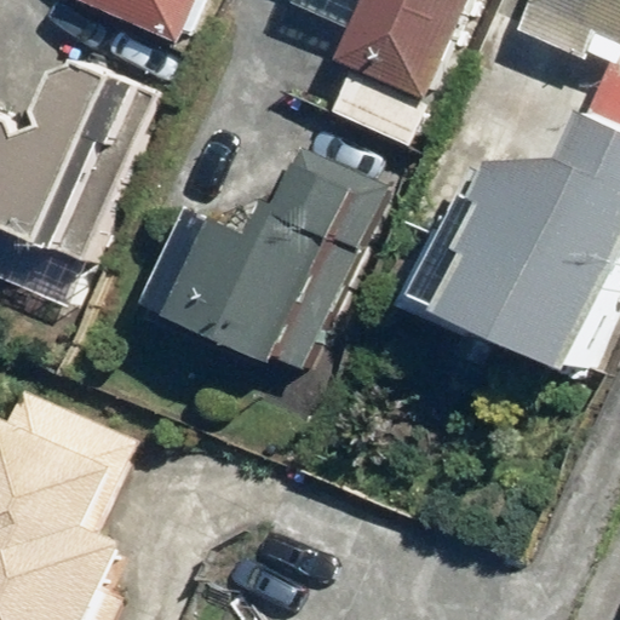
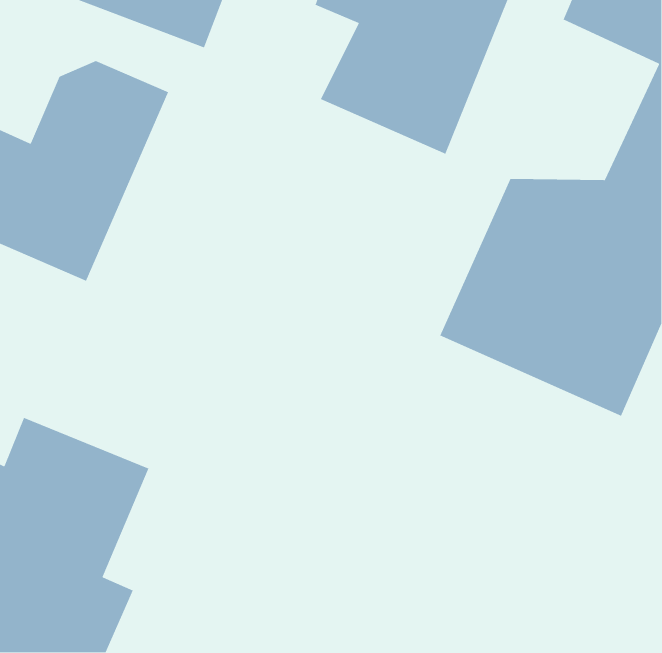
building: [166,167,357,371] -> none

